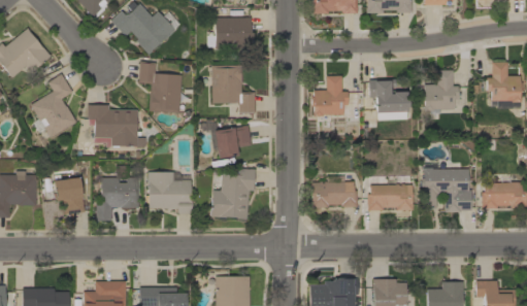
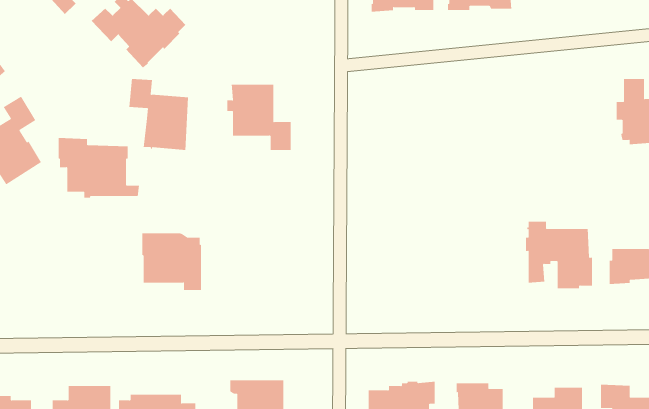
building: [206,18,254,47] -> none
building: [424,70,458,116] -> none
building: [311,75,348,116] -> none
building: [368,79,409,113] -> none
building: [199,122,252,159] -> none
building: [210,168,256,219] -> none
building: [311,176,357,208] -> none
building: [54,177,85,214] -> none
building: [96,177,139,220] -> none
building: [367,184,414,210] -> none

